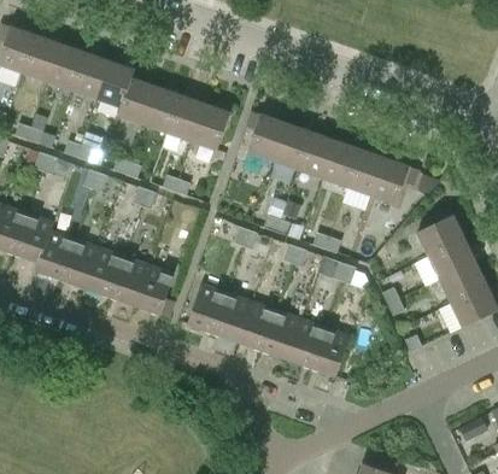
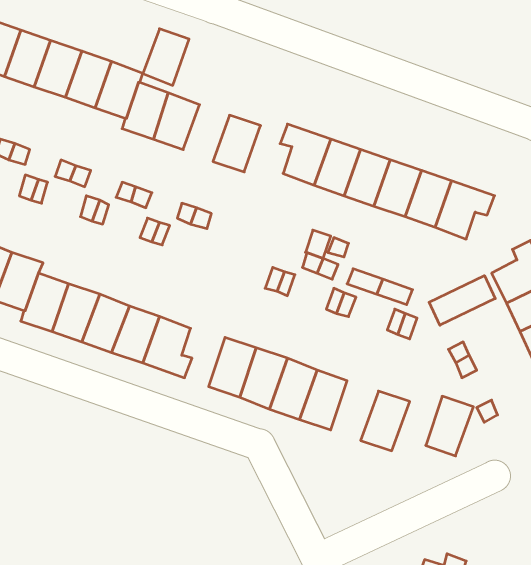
building: [166,95,204,141] -> [143,29,189,85]
building: none -> [429,276,495,325]
building: [286,318,324,367] -> [426,396,473,456]

